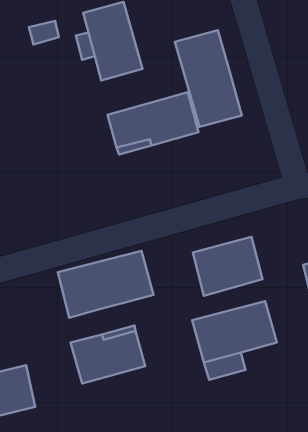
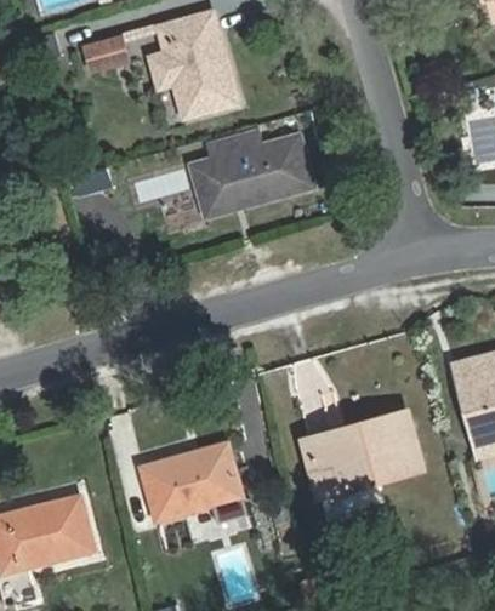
building: [175,30,242,127] -> none
building: [193,237,262,296] -> none
building: [58,251,153,318] -> none

